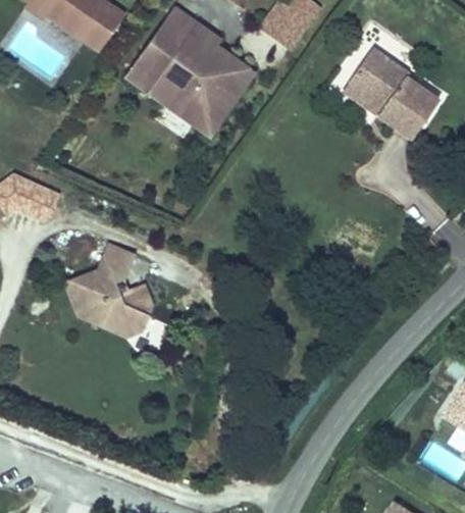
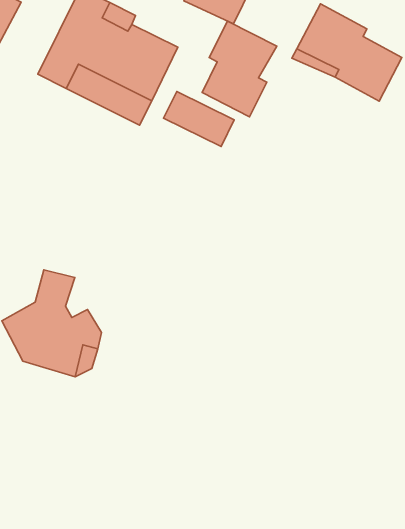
building: none -> [202,21,277,117]
building: none -> [164,92,234,147]

